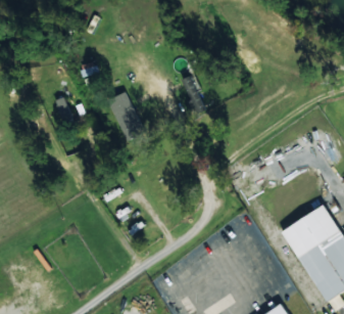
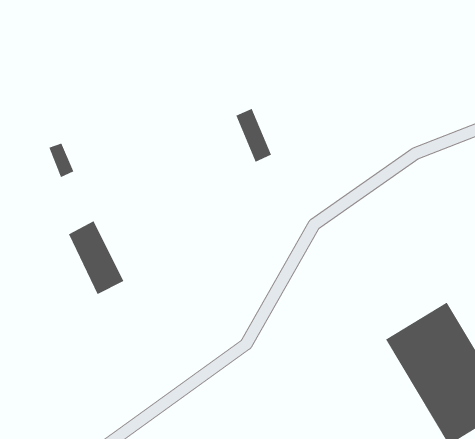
building: [107,91,145,141] -> [68,221,124,295]

